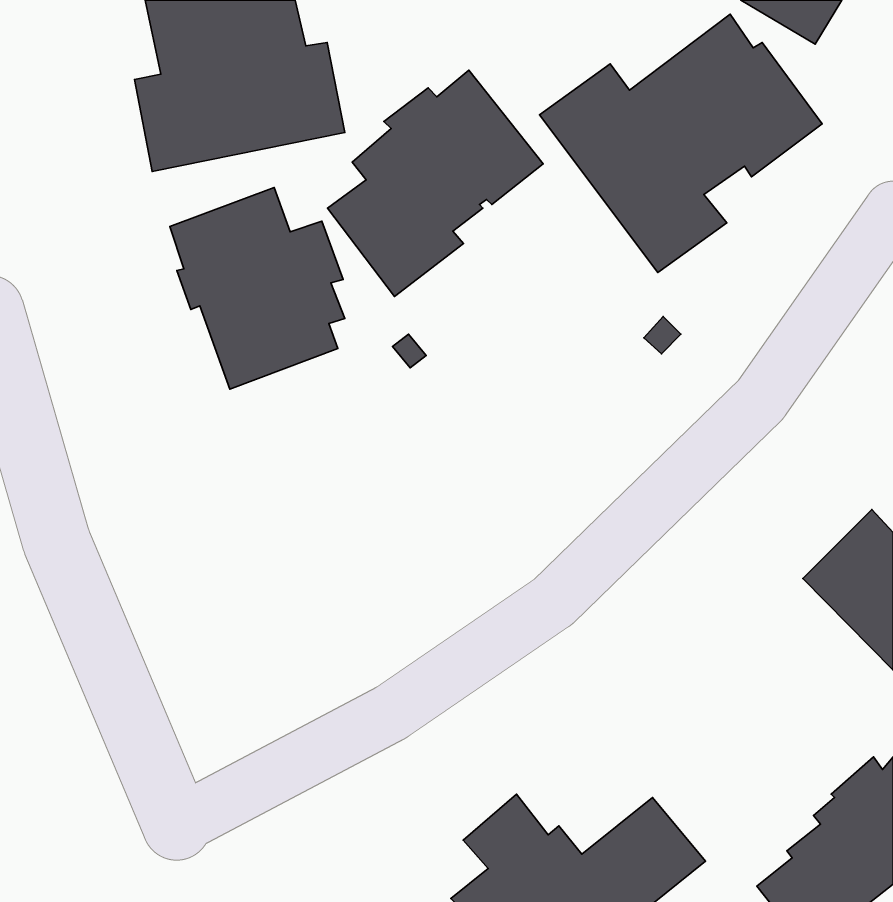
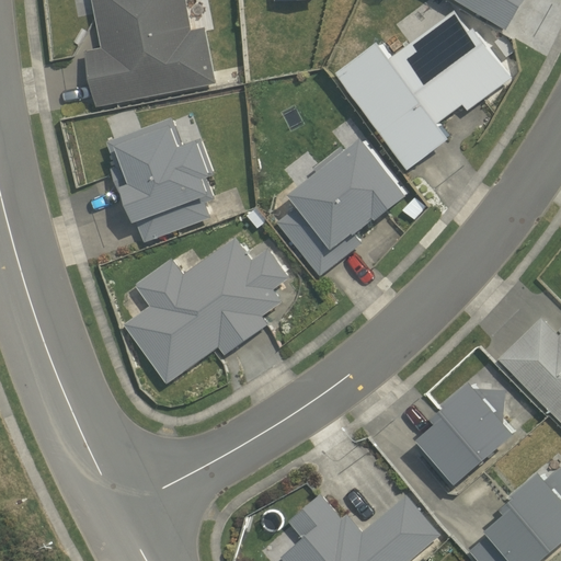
building: [327,70,543,297] -> [276,136,410,276]
building: none -> [123,237,287,383]
building: none -> [414,380,516,489]

